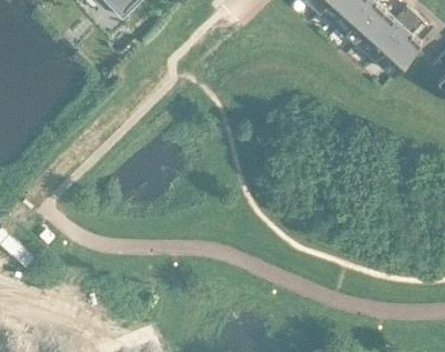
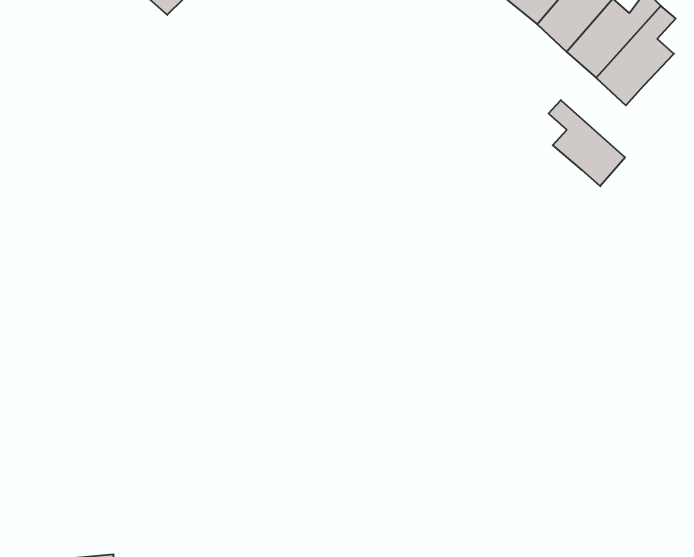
building: none -> [549,100,625,186]

